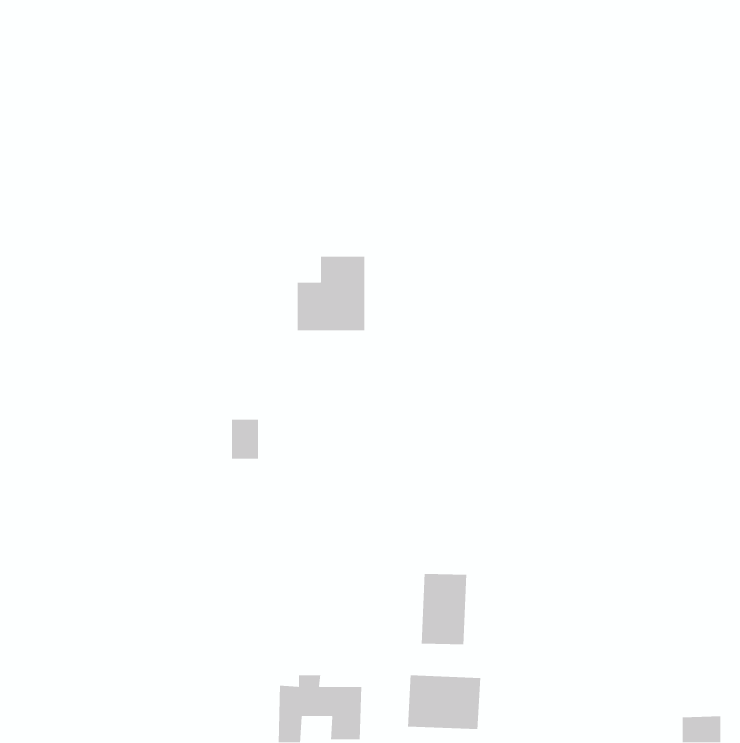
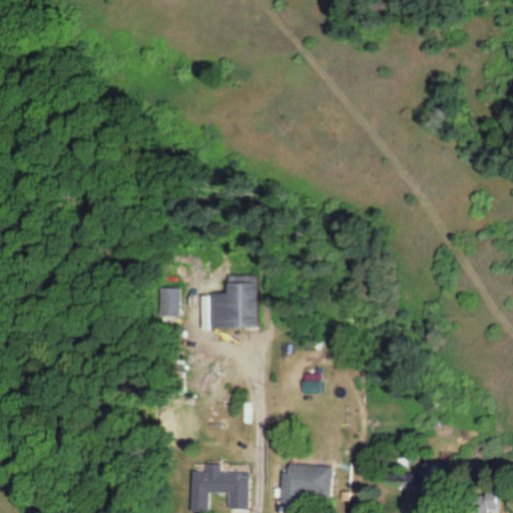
building: [297,256,365,331] -> [208,276,255,328]
building: [421,573,467,645] -> none

